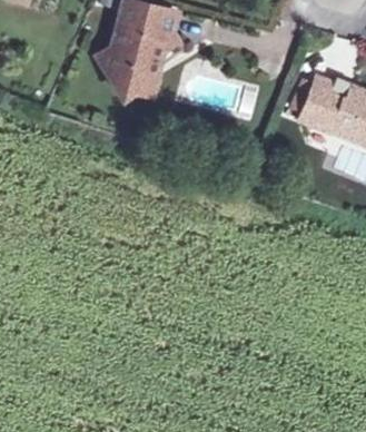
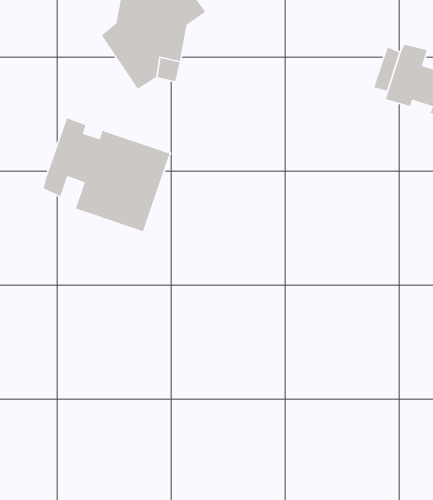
building: none -> [43,117,171,232]

